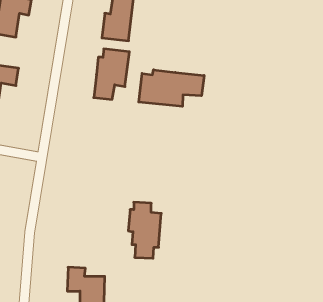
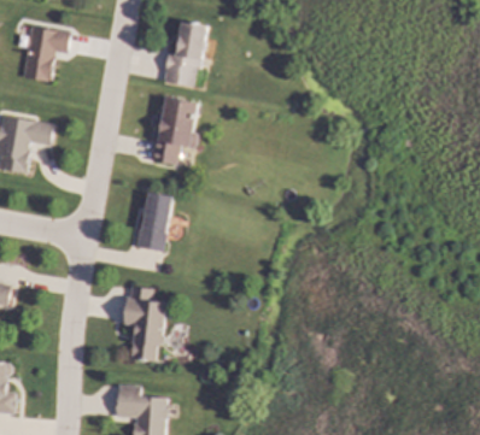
building: [139,70,204,106] -> none
building: none -> [137,192,174,252]
building: [128,202,161,258] -> [123,287,166,360]

